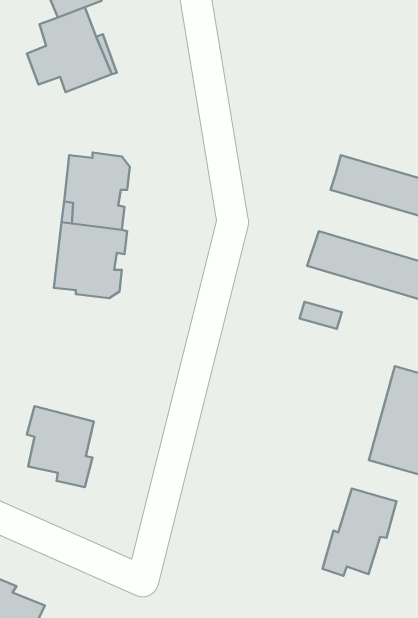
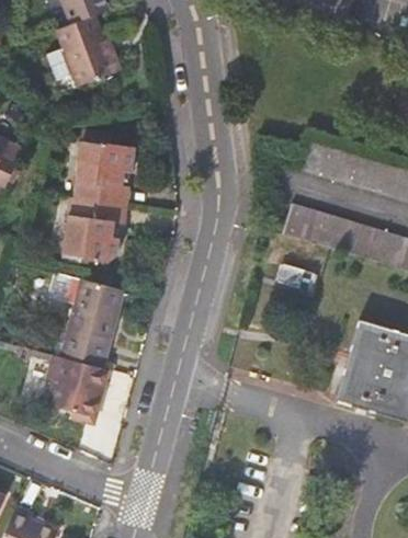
building: none -> [59,277,124,367]
building: [323,488,397,576] -> none

